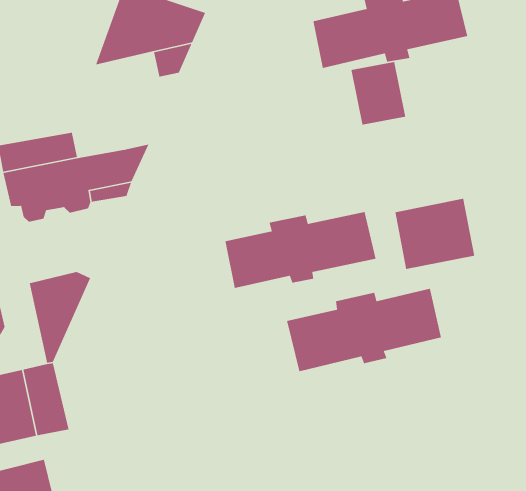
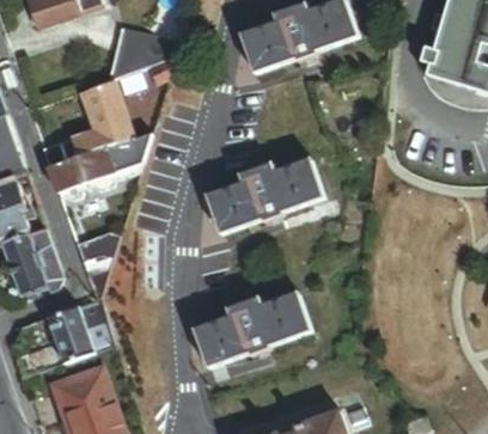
building: [351,61,406,126] -> none
building: none -> [80,82,132,149]
building: [395,198,475,270] -> none
building: [286,288,442,372] -> [195,291,307,361]

